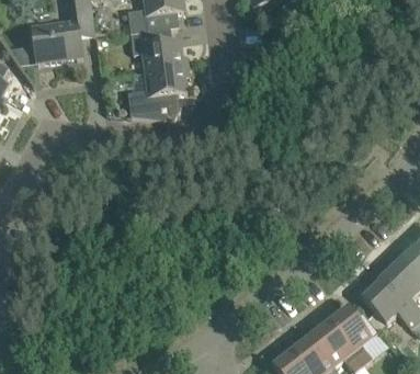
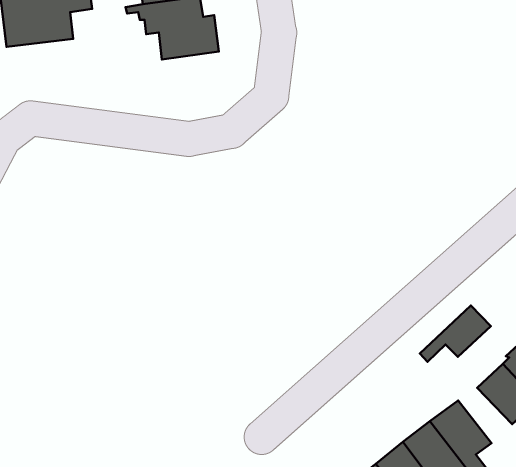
building: [126,65,186,120] -> none
building: none -> [420,305,491,362]

